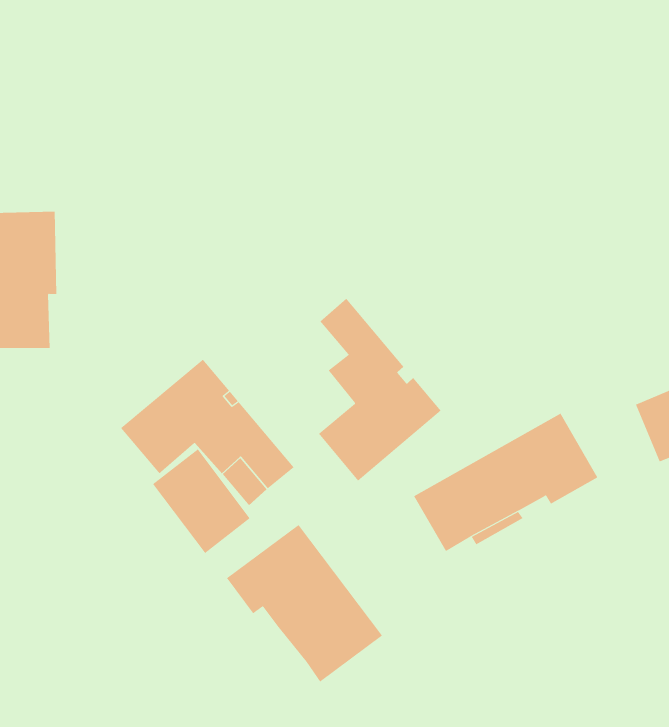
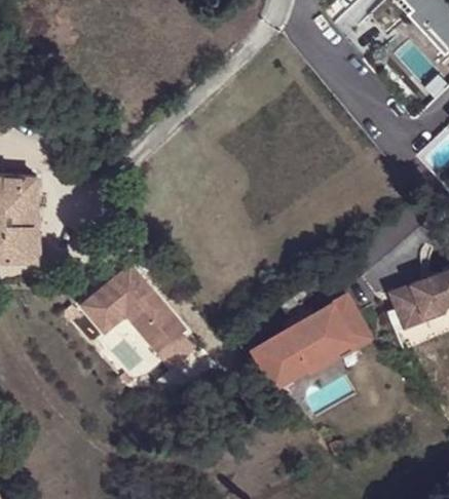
building: [318,298,441,482] -> none
building: [226,524,383,682] -> none

